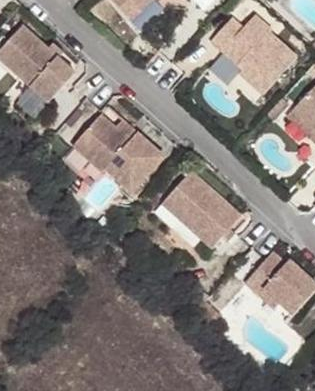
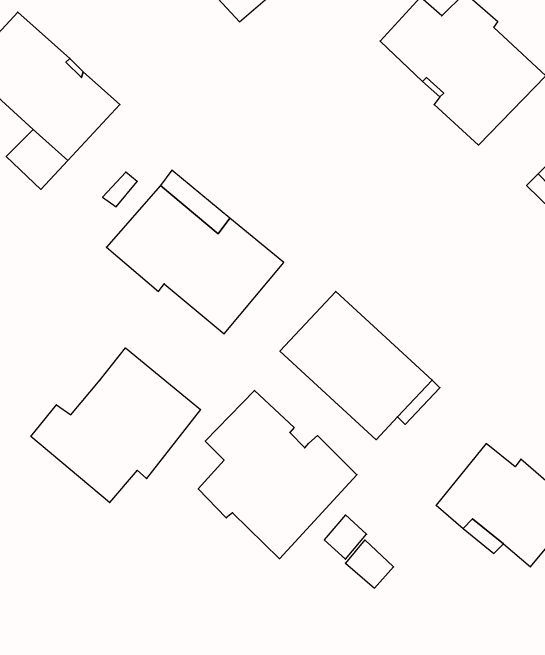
building: none -> [31,348,201,503]
building: none -> [198,390,357,559]

